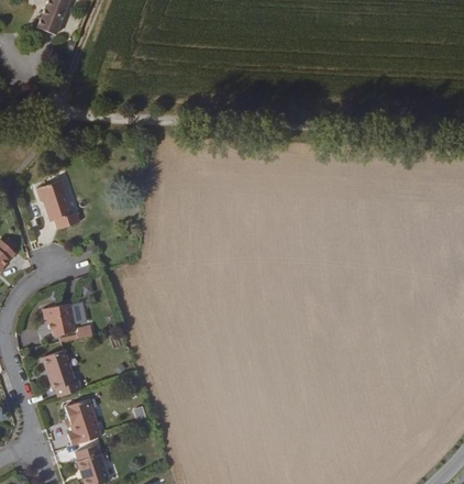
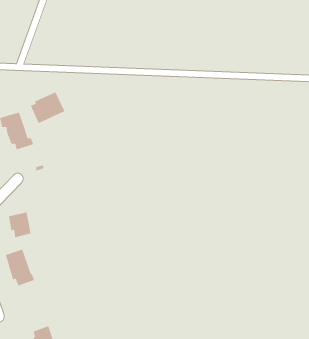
building: none -> [30,91,65,124]
building: [67,400,104,449] -> none

